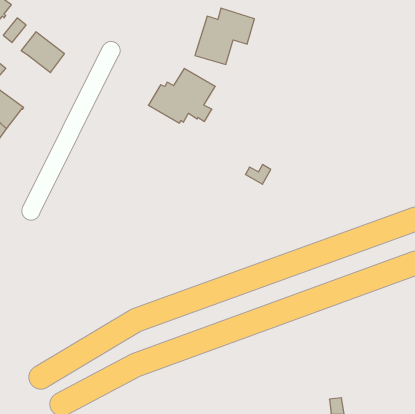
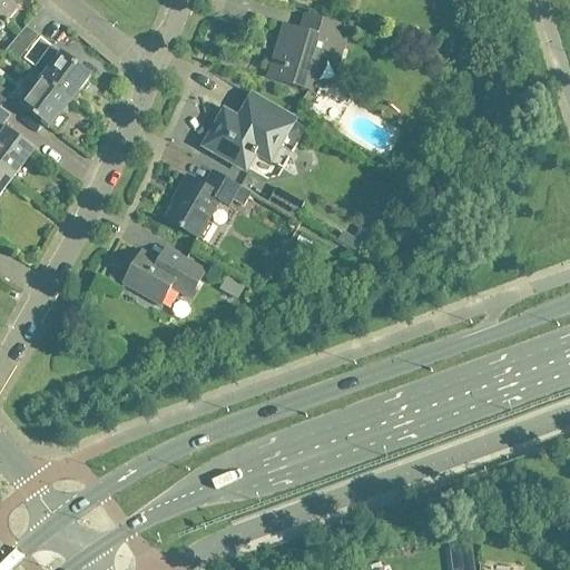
building: none -> [18,76,69,125]
building: none -> [163,169,250,238]
building: none -> [122,244,204,302]

